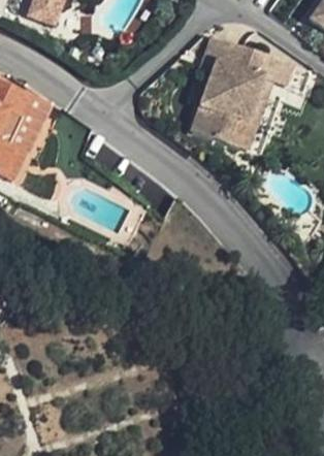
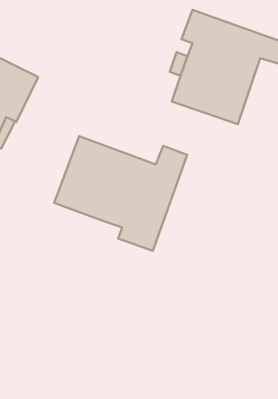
building: none -> [54,136,187,251]

